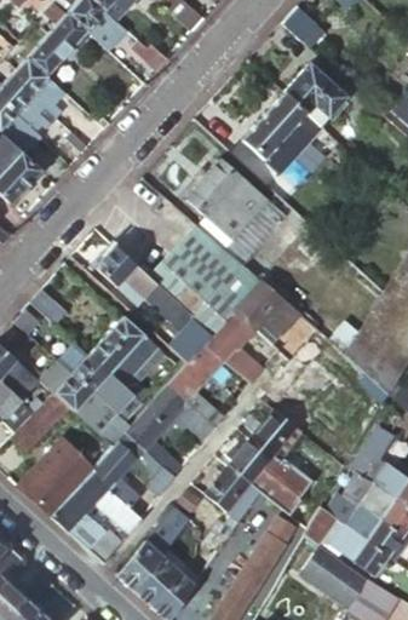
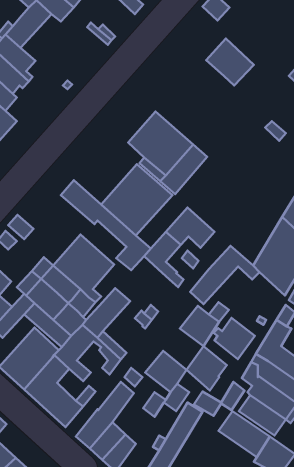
building: [243,91,323,171] -> none
building: [168,344,224,402] -> none
building: [229,437,282,490] -> [214,318,255,359]

